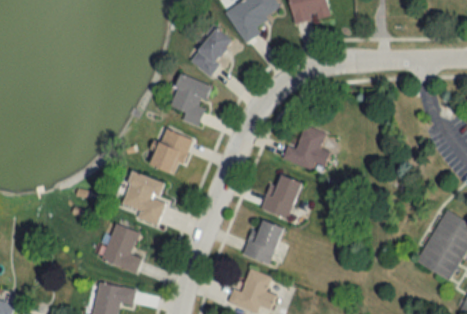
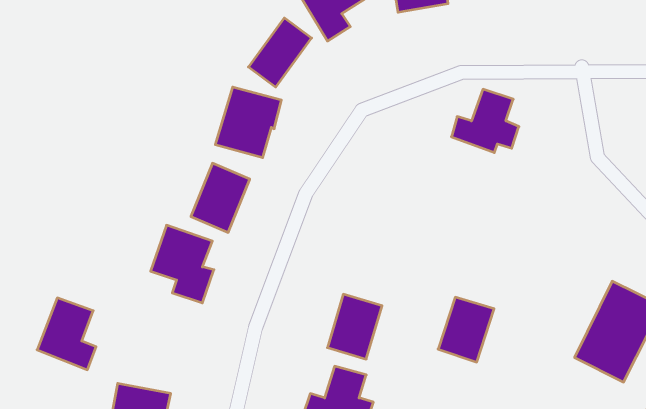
building: [282,126,329,170] -> [451,89,519,153]
building: [262,174,301,219] -> [438,297,494,362]
building: [100,223,141,273] -> [37,298,96,370]

